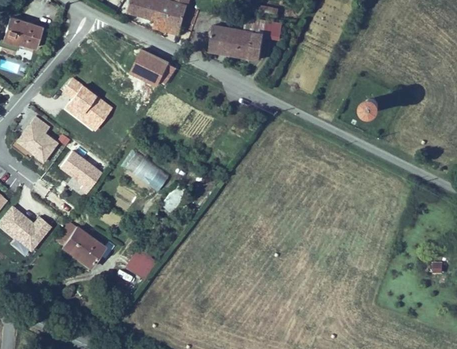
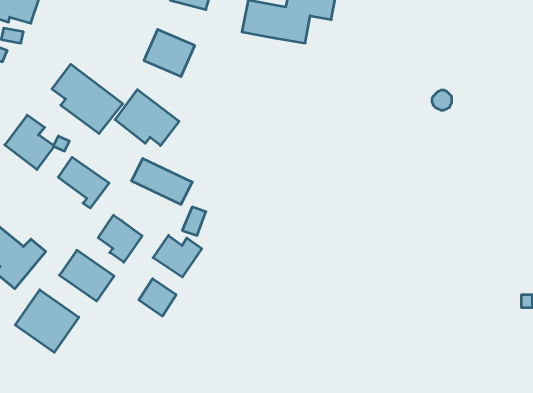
building: none -> [115,90,179,146]
building: none -> [98,215,142,262]
building: none -> [153,235,202,277]
building: none -> [15,290,79,352]

